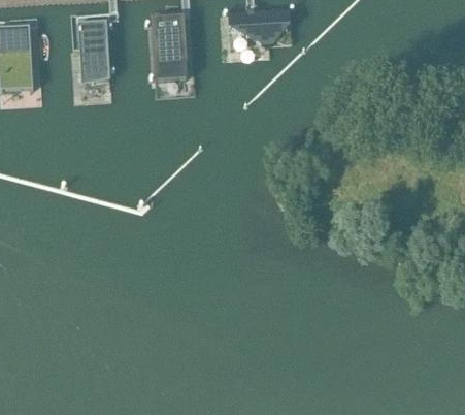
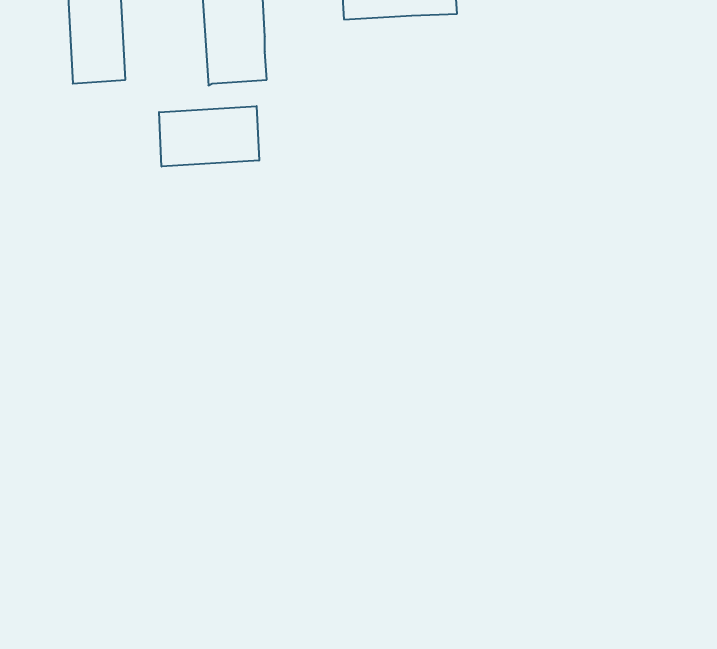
building: none -> [159,106,259,167]

